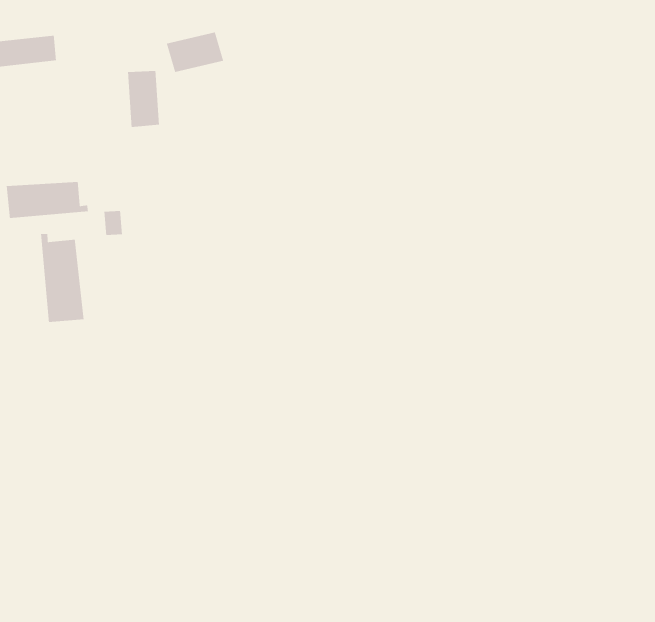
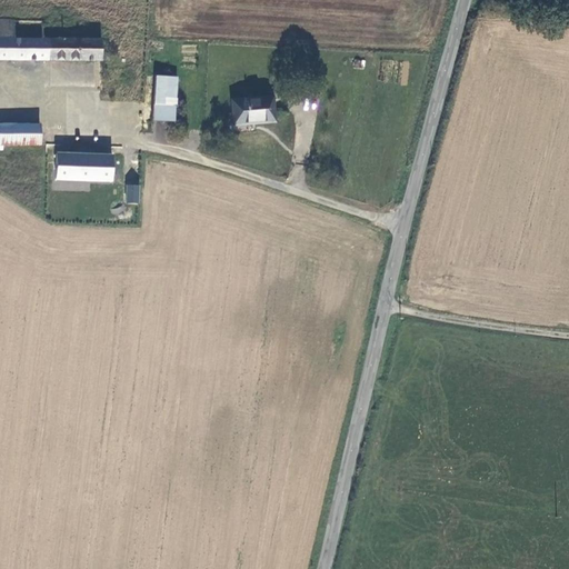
building: [166,32,224,73] -> [227,96,269,122]
building: [40,233,85,323] -> none

